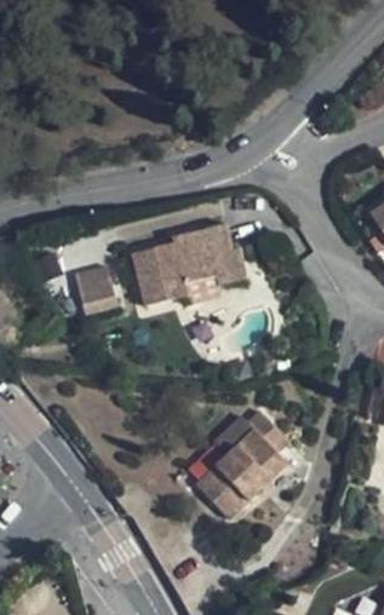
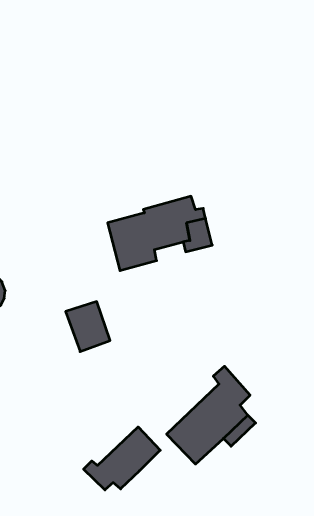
building: [70,260,119,315] -> [66,302,110,352]
building: none -> [84,427,160,490]

